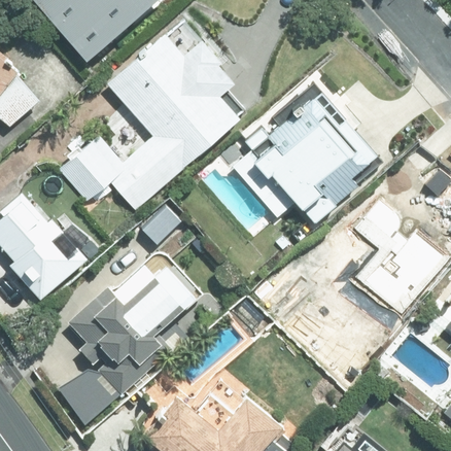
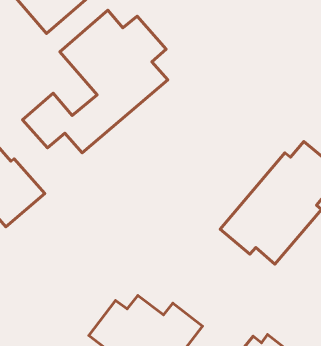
building: [245,89,379,225] -> none
building: [54,247,204,429] -> none

